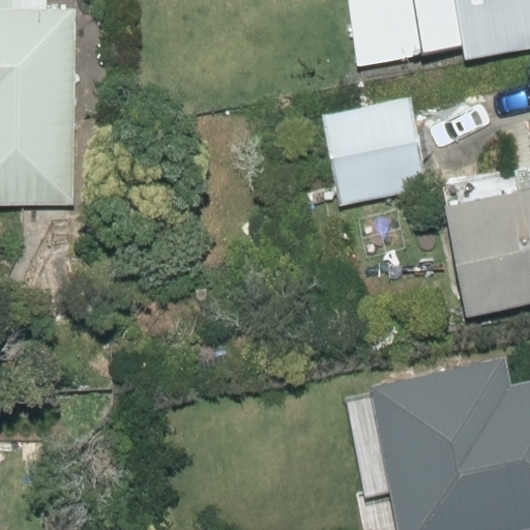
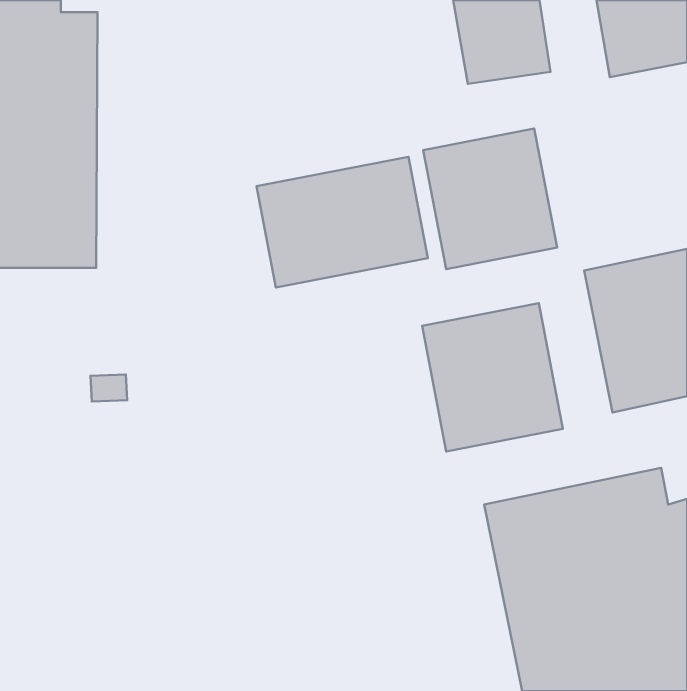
building: none -> [257,157,428,288]
building: none -> [422,303,563,451]

